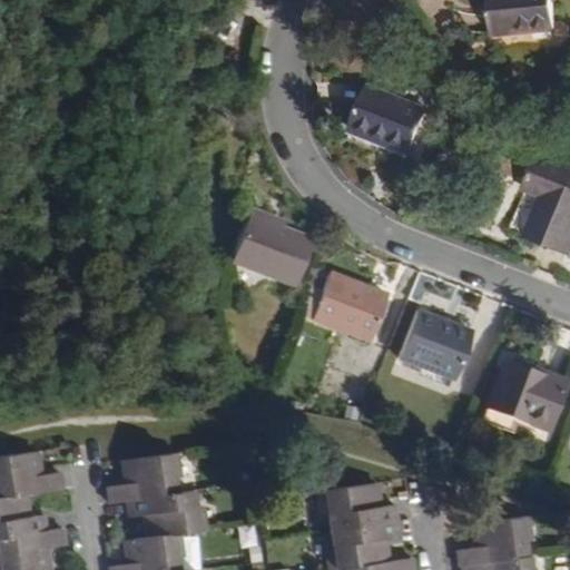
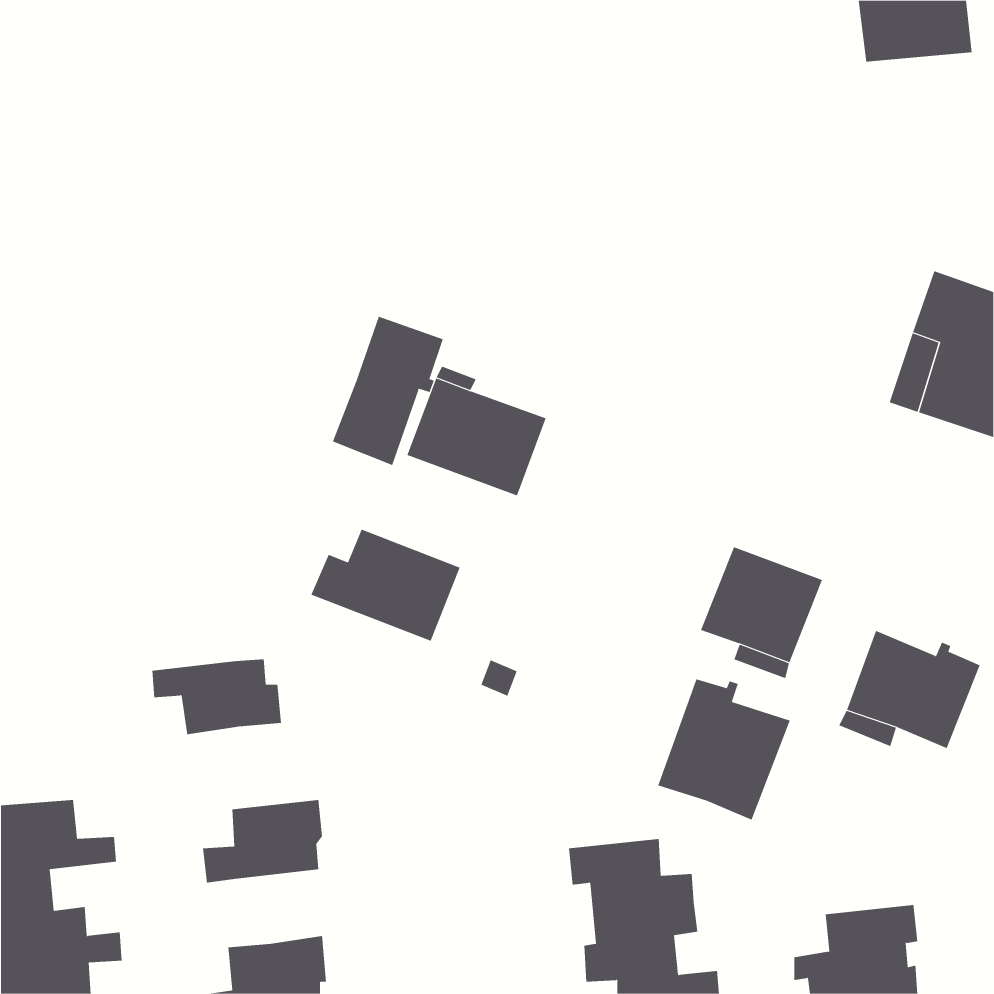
building: [352,88,425,157] -> none
building: none -> [332,316,443,466]
building: [299,273,385,337] -> [311,529,460,642]
building: none -> [657,678,790,821]
building: [135,497,209,540] -> [152,659,282,735]

